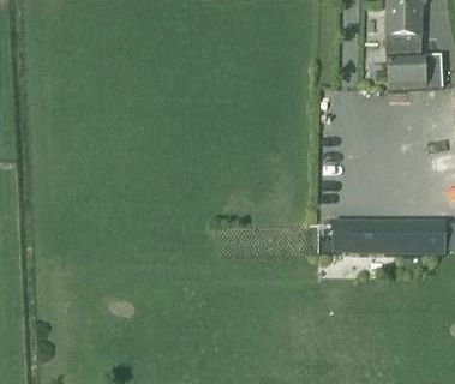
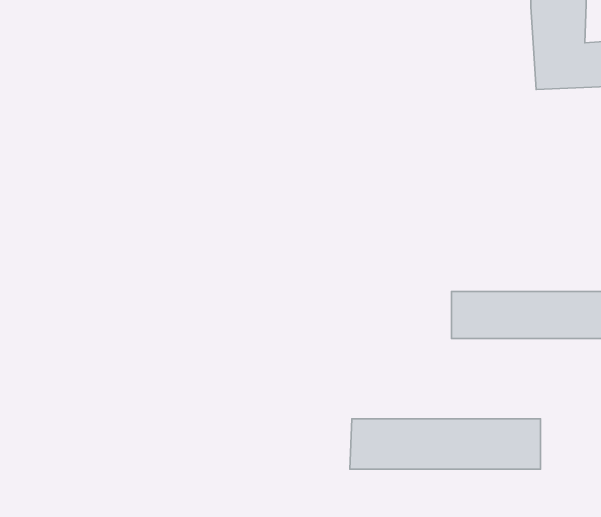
building: none -> [350,419,540,469]

